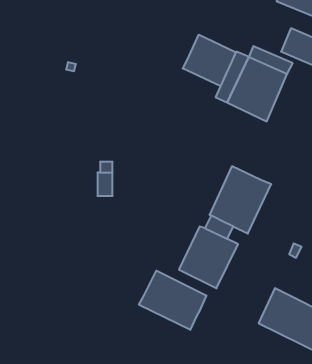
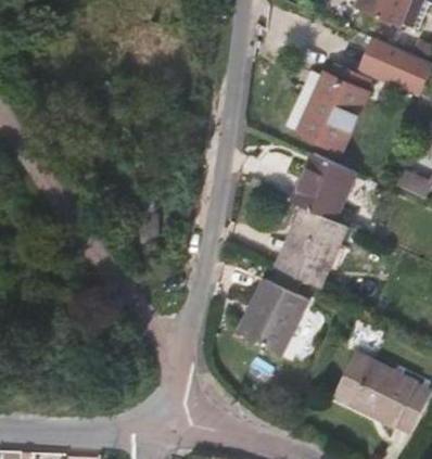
building: [183,35,236,86] -> none
building: none -> [290,152,358,222]
building: [139,271,206,330] -> none

